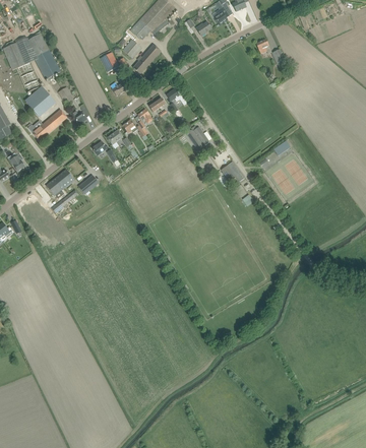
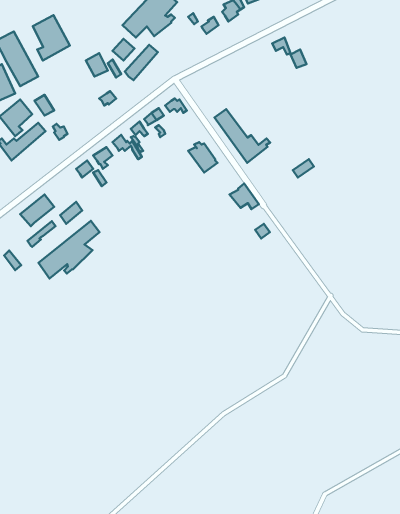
building: none -> [33,15,70,60]
building: none -> [215,109,270,163]
building: none -> [38,221,100,278]

